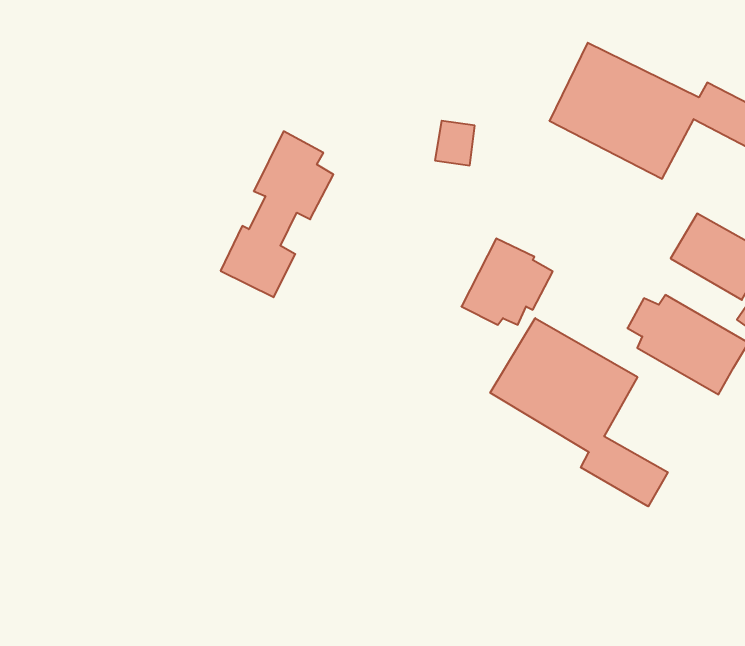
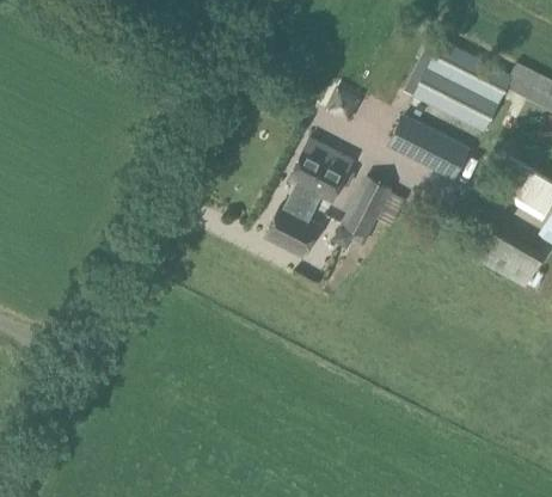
building: [221,131,333,297] -> [266,137,348,257]
building: none -> [388,115,471,179]
building: [490,318,668,506] -> none

